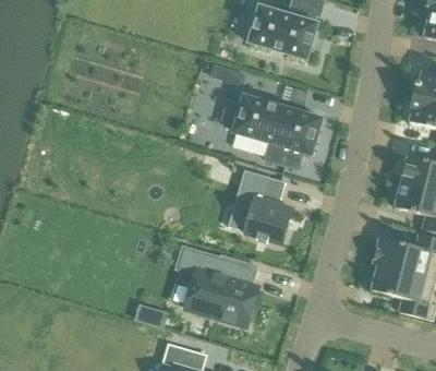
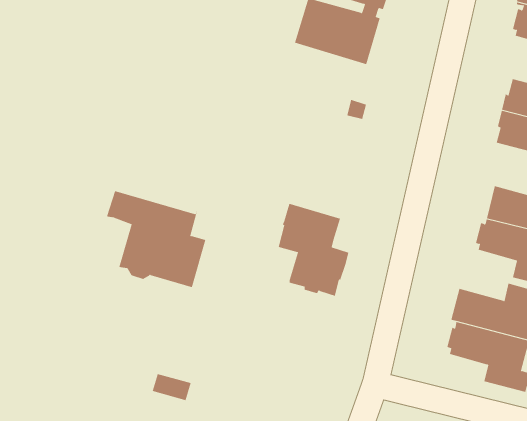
building: [220,94,320,167] -> none
building: [175,246,255,323] -> [106,190,206,288]

